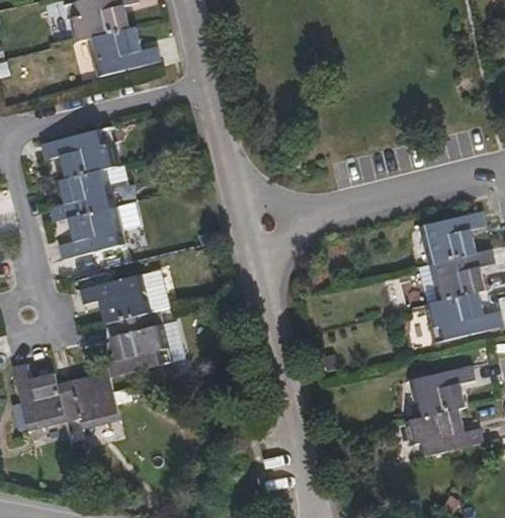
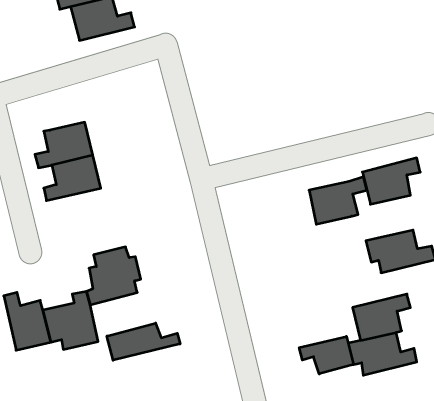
building: [40,130,120,179] -> none
building: [429,248,495,301] -> [309,177,367,224]
building: [78,273,151,323] -> none
building: none -> [107,323,180,360]
building: none -> [299,336,353,374]

